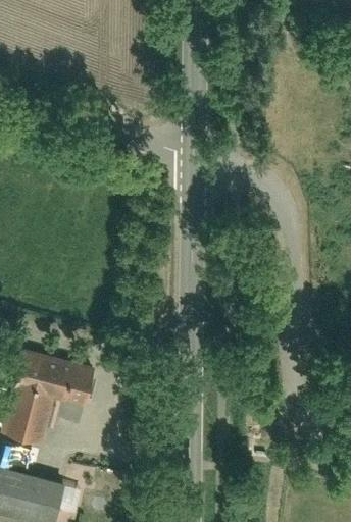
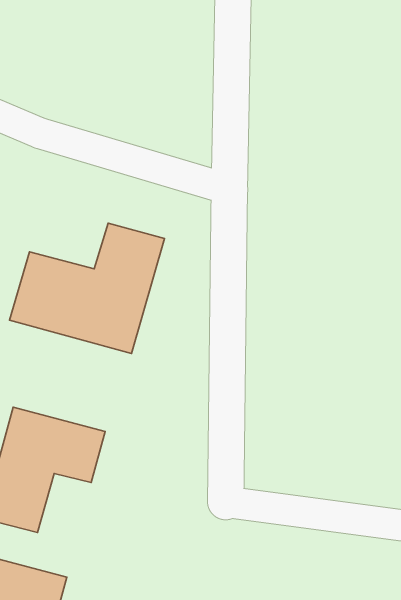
building: none -> [10,223,164,354]

